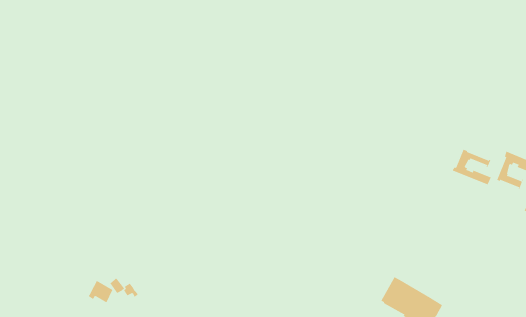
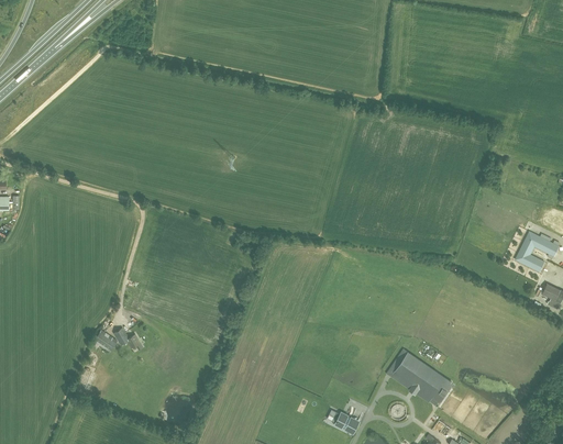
building: [452,148,492,185] -> none

